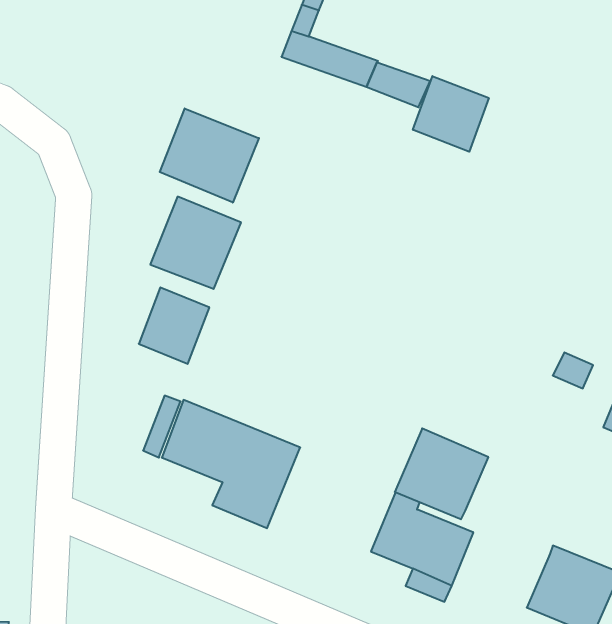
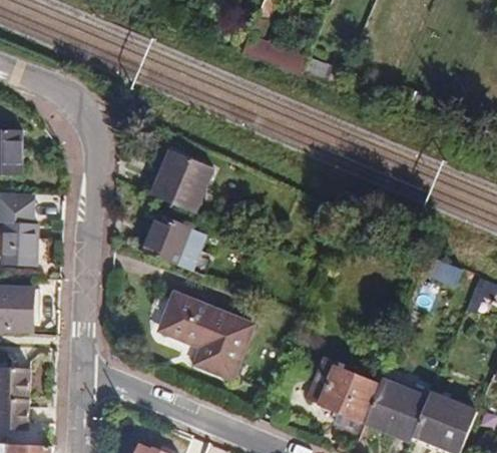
building: [413,76,489,152] -> none
building: [160,108,259,203] -> none
building: [395,428,488,519] -> [363,378,428,441]

